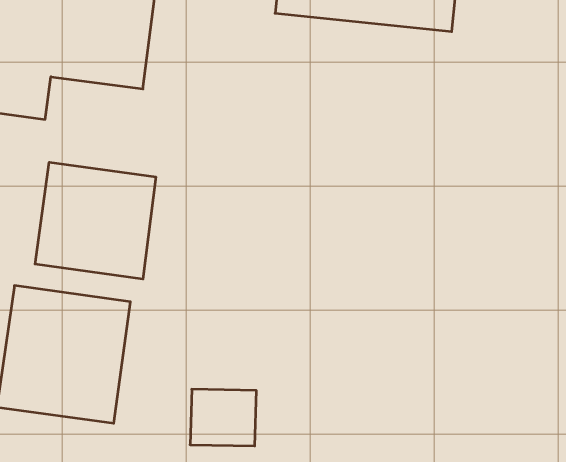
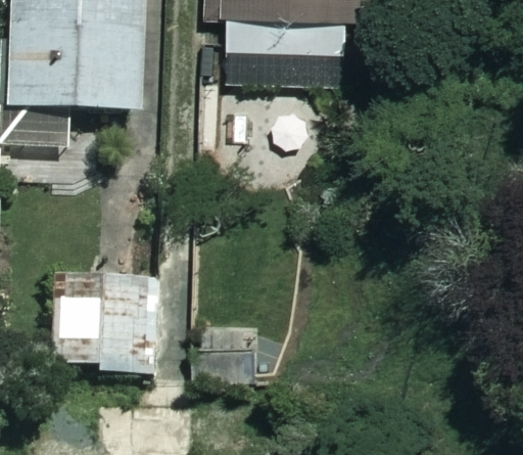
building: [35,162,156,279] -> none

